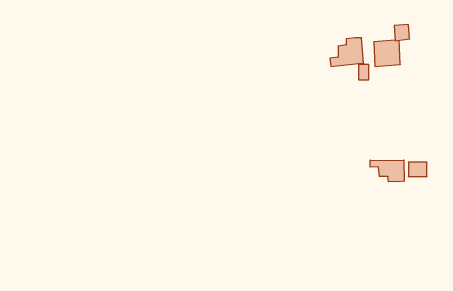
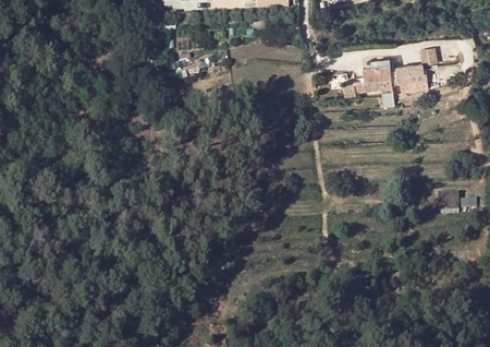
building: [370,160,404,182] -> none

